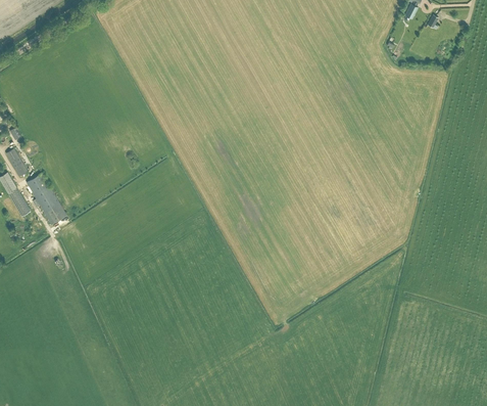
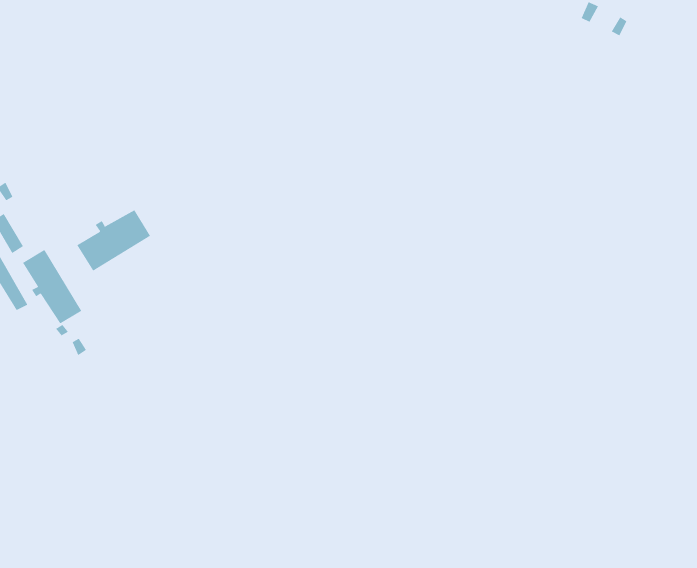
building: none -> [77,209,151,271]

